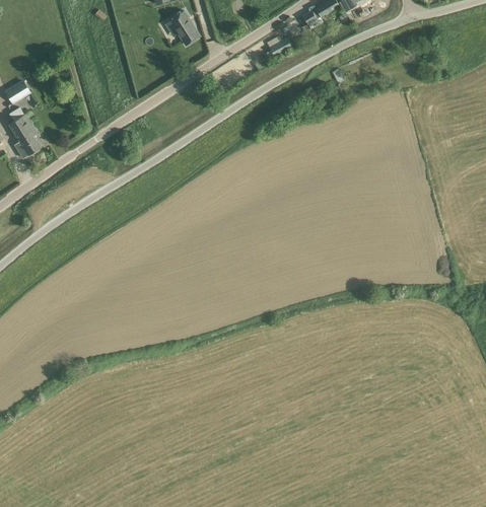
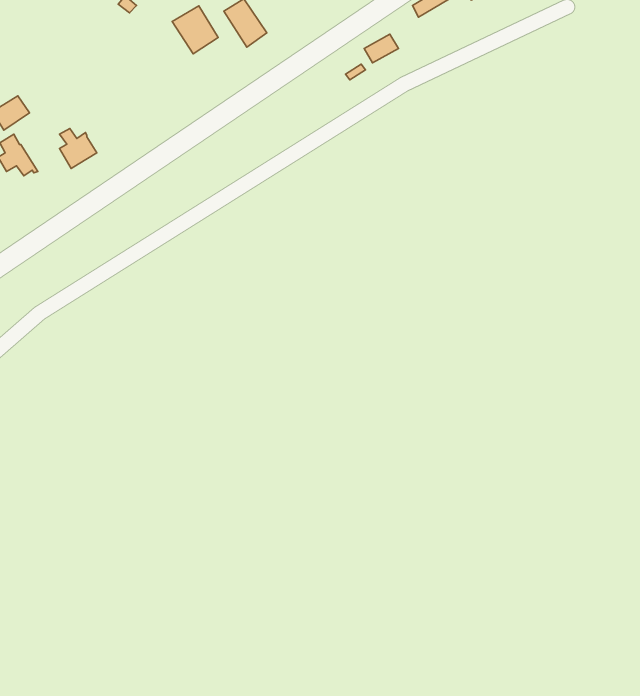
building: none -> [172,6,218,54]
building: [14,129,41,157] -> [60,128,97,168]

